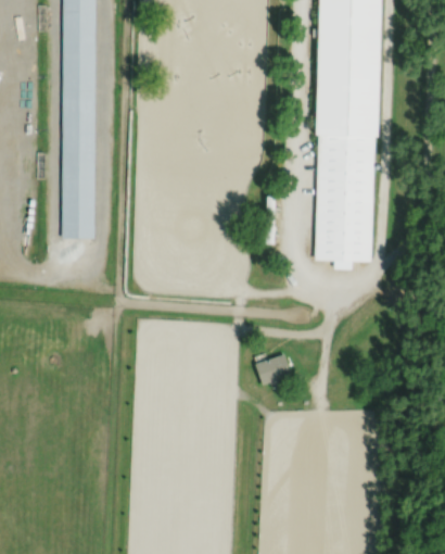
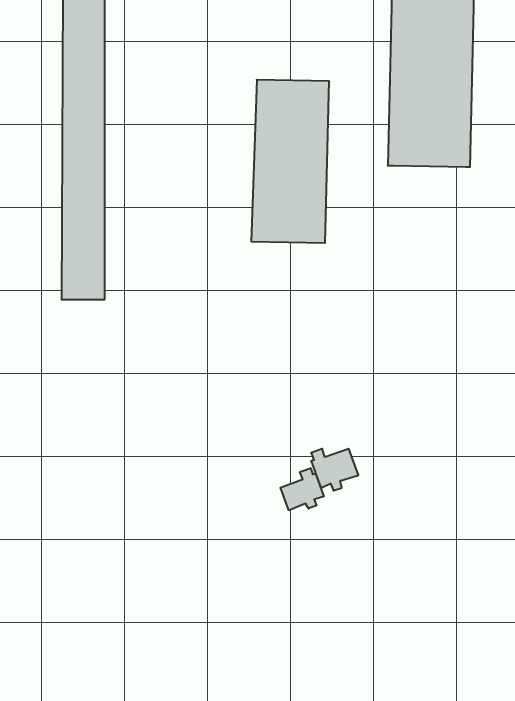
building: [315,133,376,260] -> [251,80,329,243]
building: none -> [280,468,324,510]

